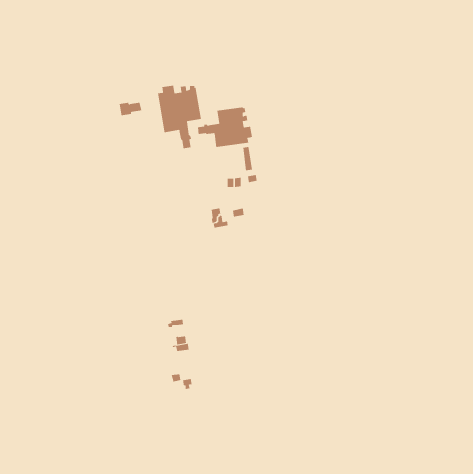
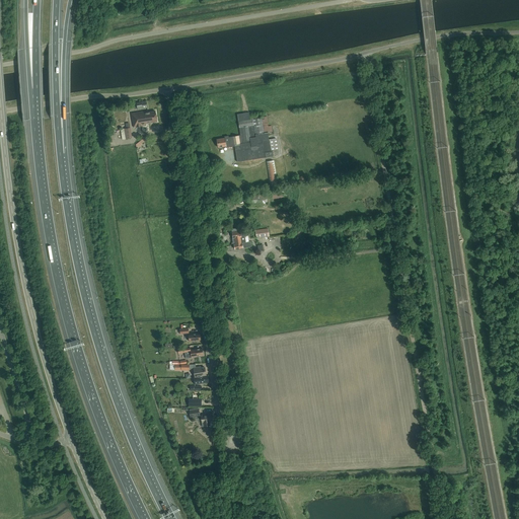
building: [157,85,201,149] -> none

